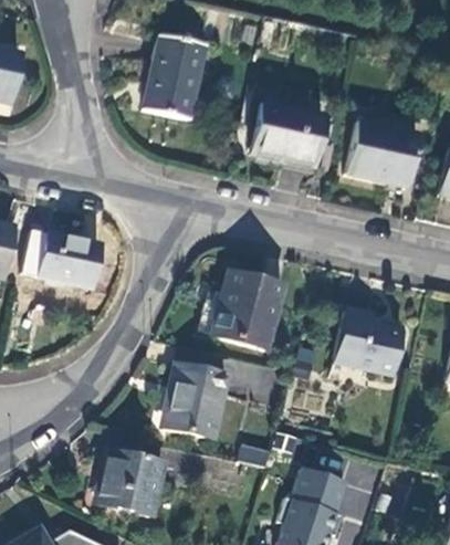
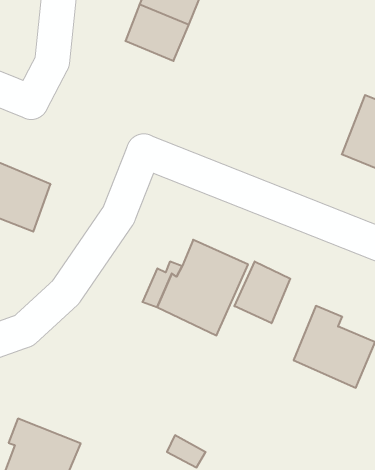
building: [252,104,324,168] -> none
building: none -> [234,261,290,323]
building: [164,365,228,440] -> none

